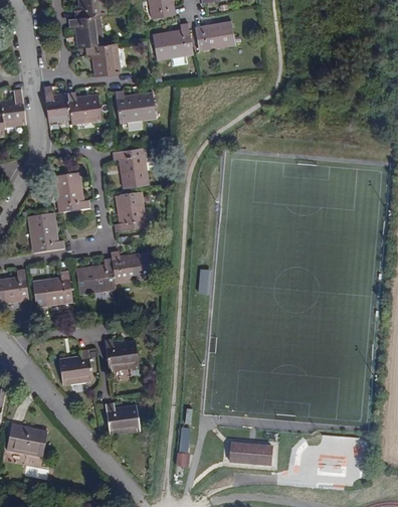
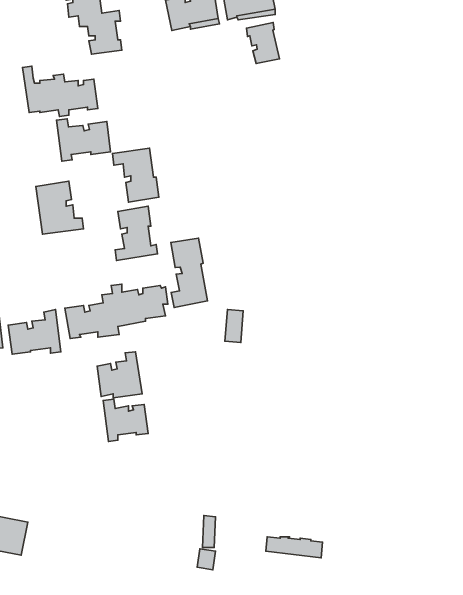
building: none -> [246,22,280,63]
building: [115,90,156,122] -> [56,119,111,161]
building: [31,212,64,251] -> none
building: none -> [171,238,207,307]
building: [59,349,93,384] -> [97,352,142,398]
building: [106,402,140,430] -> none

